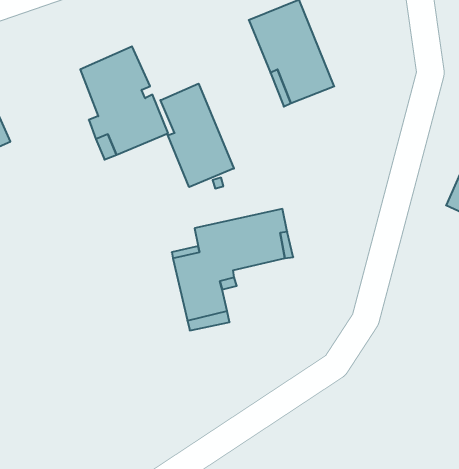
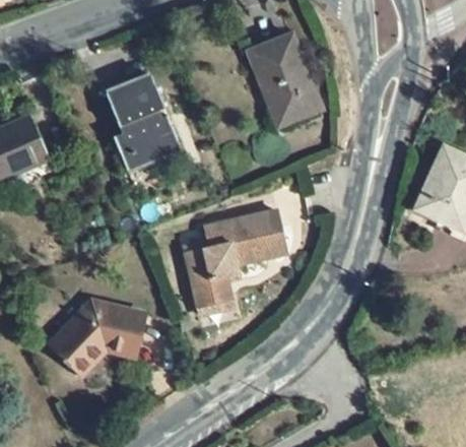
building: [160,84,234,187] -> none
building: none -> [50,304,144,374]

